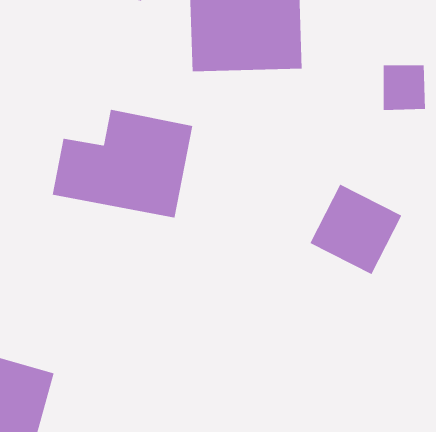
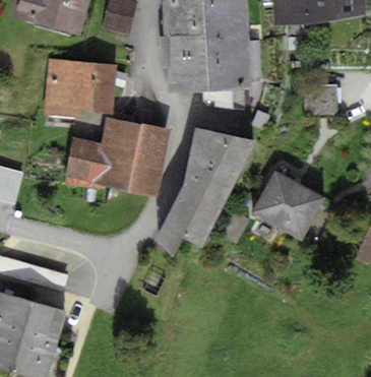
building: none -> [46,61,117,114]
building: none -> [161,128,252,245]

